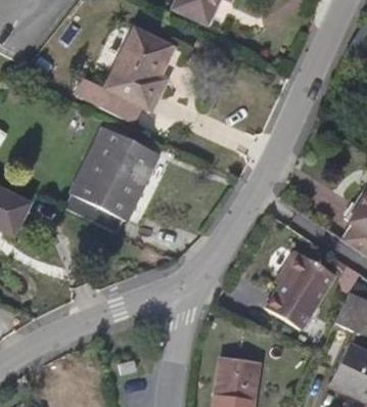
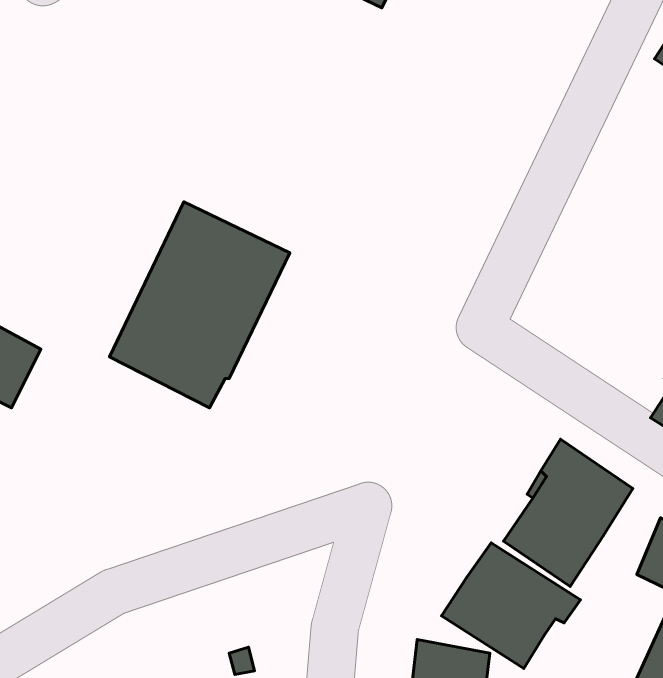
building: [98,30,169,124] -> none
building: none -> [442,543,580,669]

